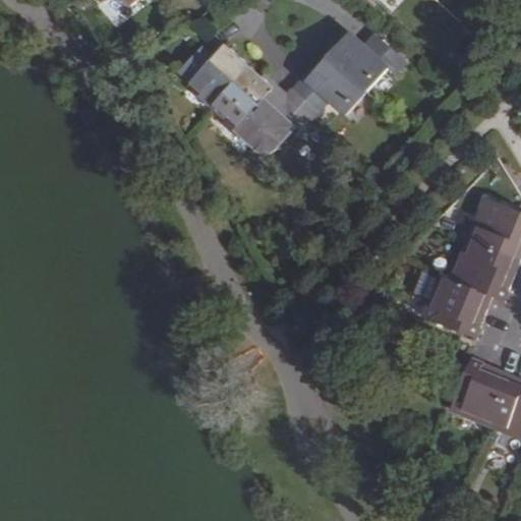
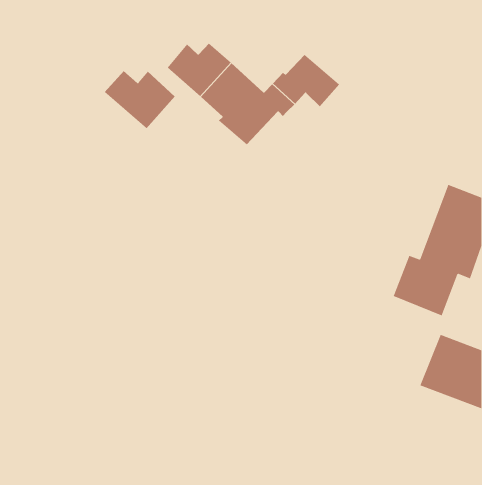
building: [327,34,403,91] -> none
building: none -> [104,70,176,129]

